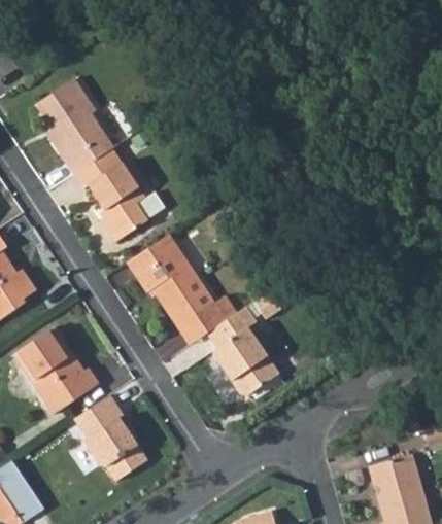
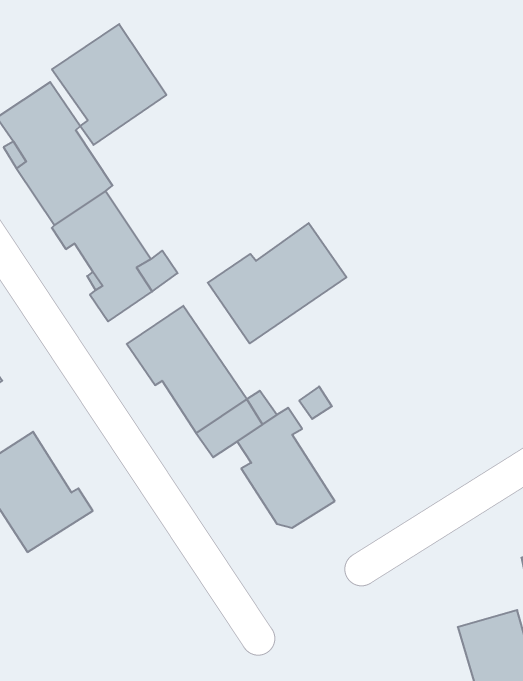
building: none -> [52,24,166,145]
building: none -> [208,223,346,343]
building: [75,396,147,480] -> none

